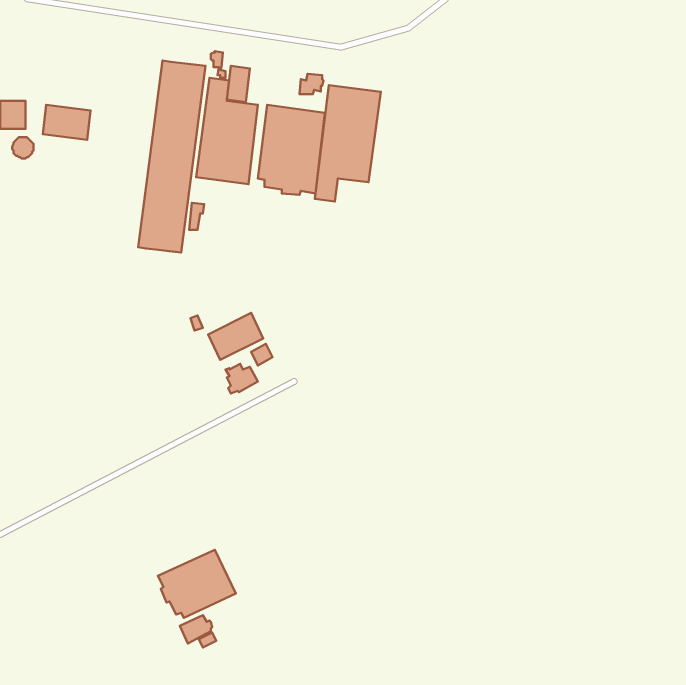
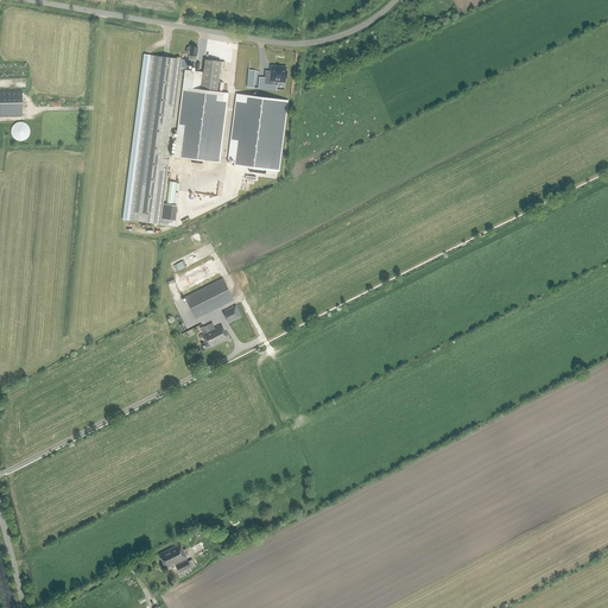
building: [315,85,381,201] -> none
building: [43,105,91,140] -> none
building: [158,550,236,618] -> none

